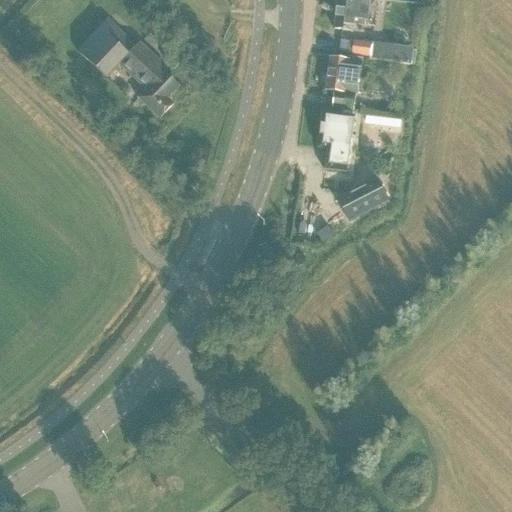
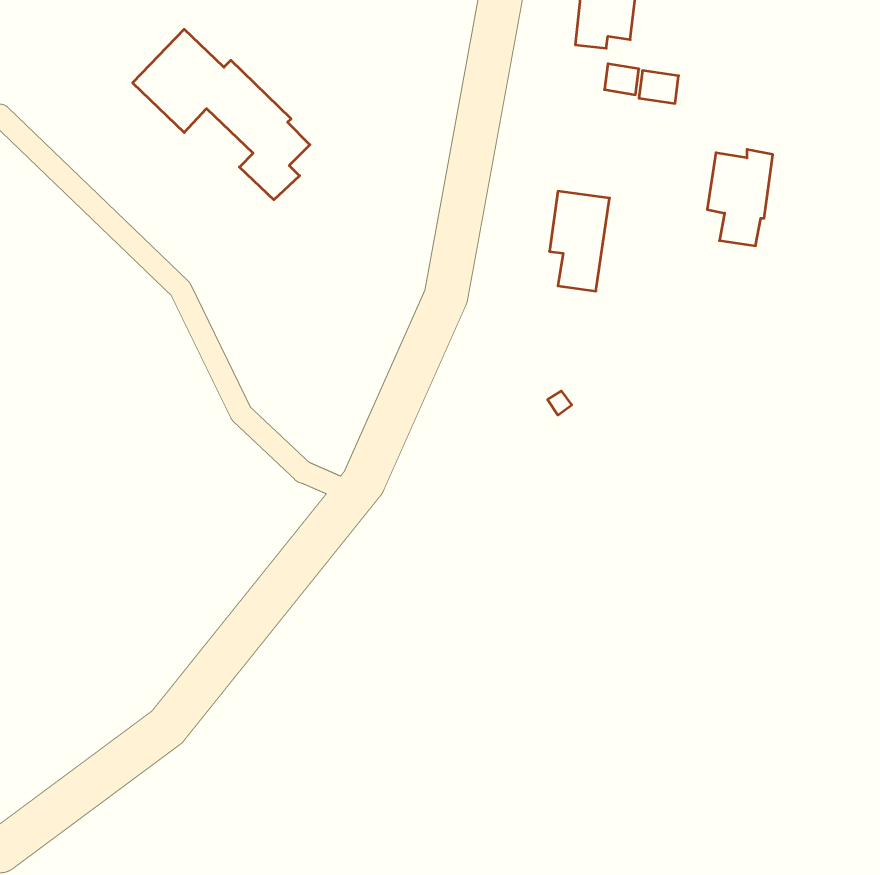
building: [325,53,363,109] -> [707,149,773,246]
building: [336,175,388,219] -> none

